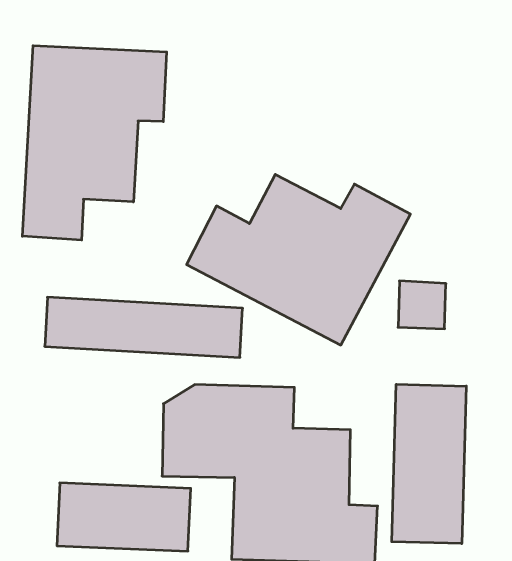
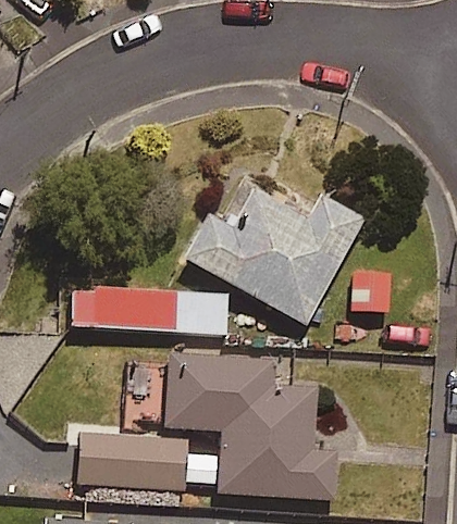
building: [22,46,167,240] -> none
building: [392,384,466,544] -> none

